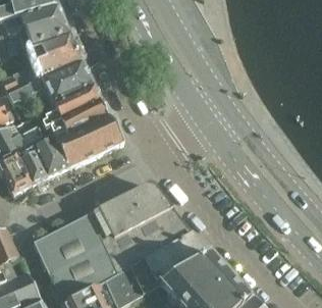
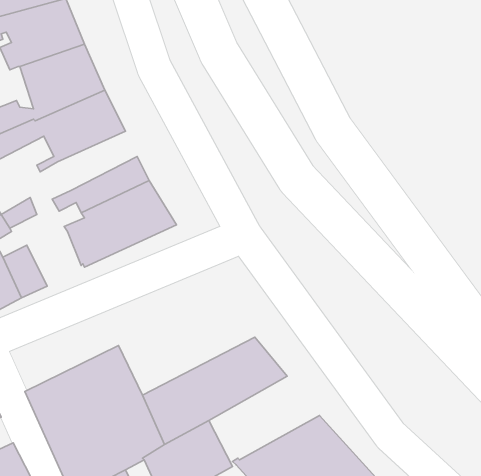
building: [42,85,101,129] -> none
building: [33,141,69,177] -> none
building: [90,183,171,243] -> none
building: [144,232,210,286] -> none

